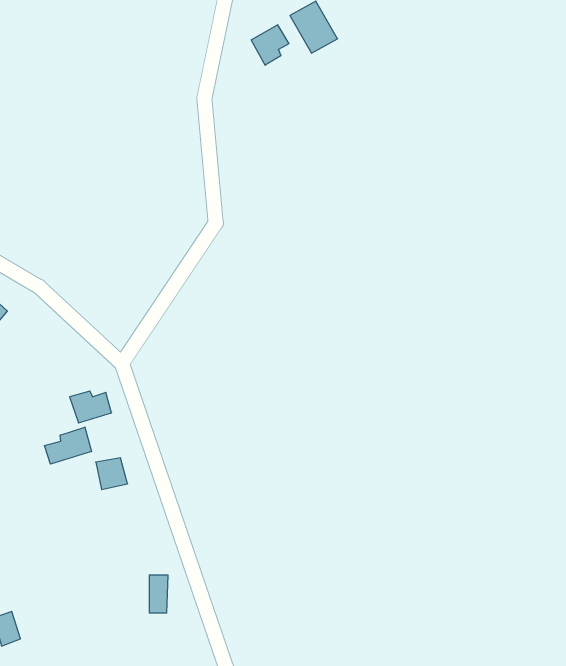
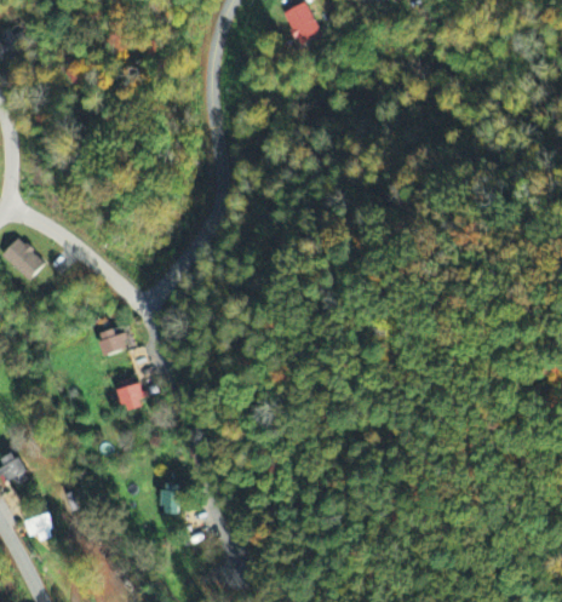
building: [251,25,289,65] -> none
building: [45,427,92,464] -> none

